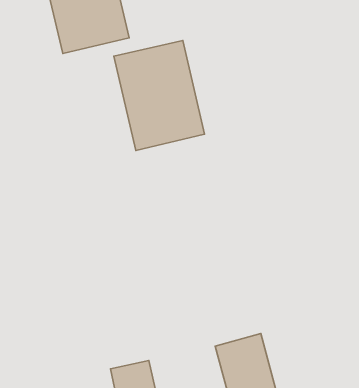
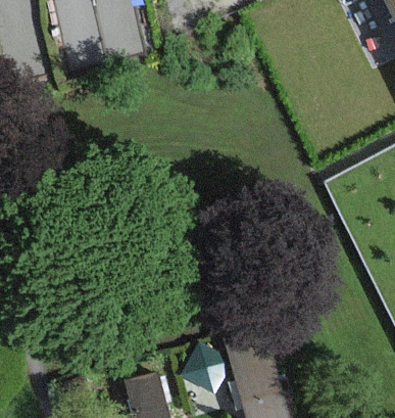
building: [114,41,204,150] -> none

